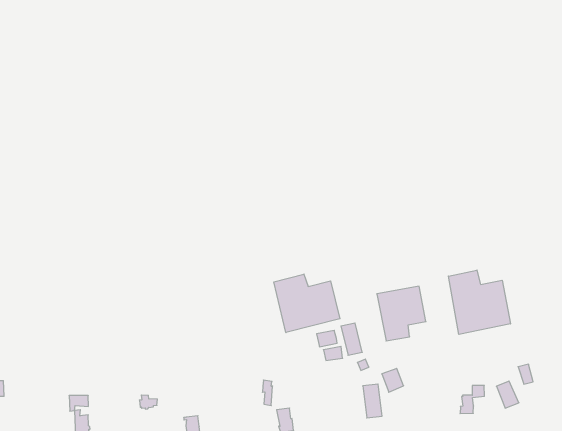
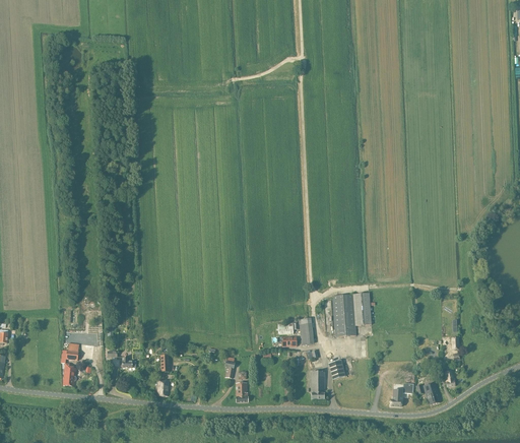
building: [448,270,510,334] -> none
building: [274,274,340,333] -> none

